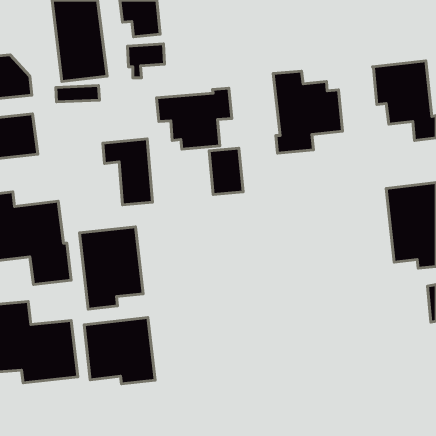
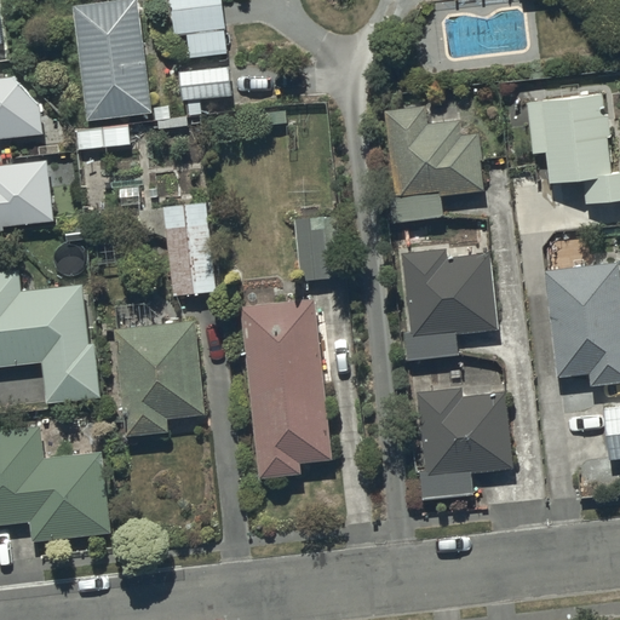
building: [156,88,232,149] -> none
building: none -> [404,247,495,356]
building: none -> [235,300,327,482]
building: none -> [412,389,510,501]
building: [84,317,155,384] -> none

